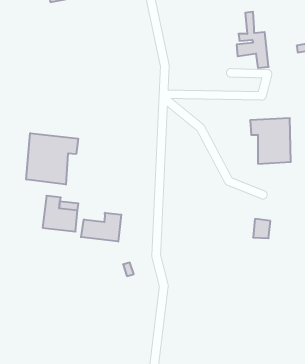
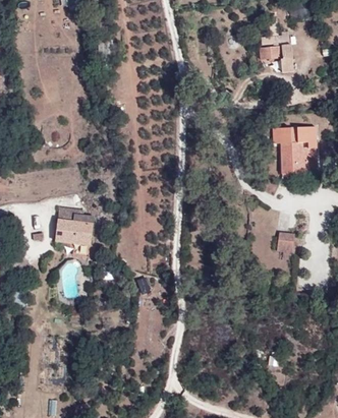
building: [26,133,78,185] -> none
building: [81,213,121,242] -> none

